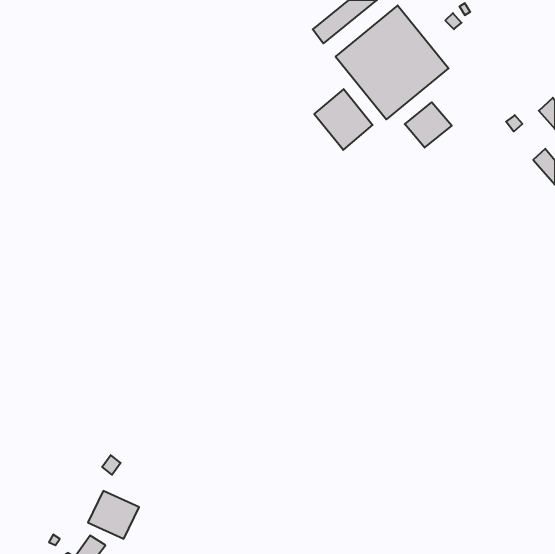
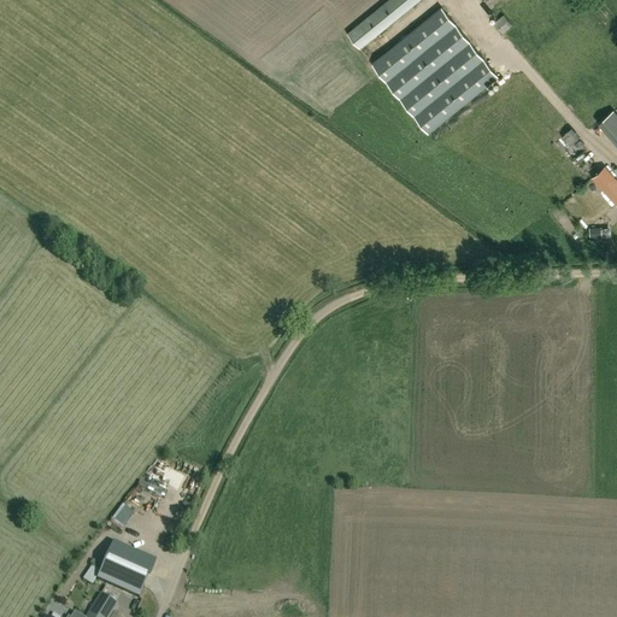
building: [314,89,373,150] -> none
building: [405,102,452,148] -> none

